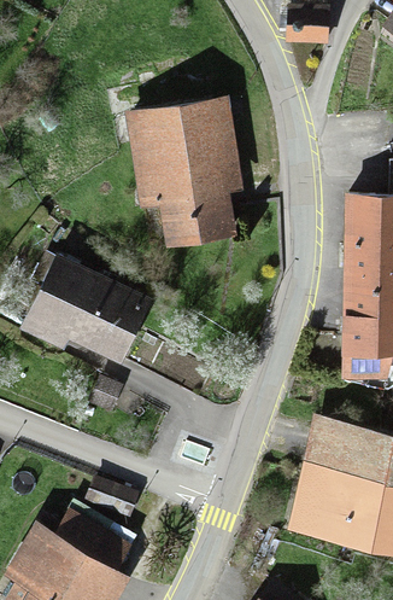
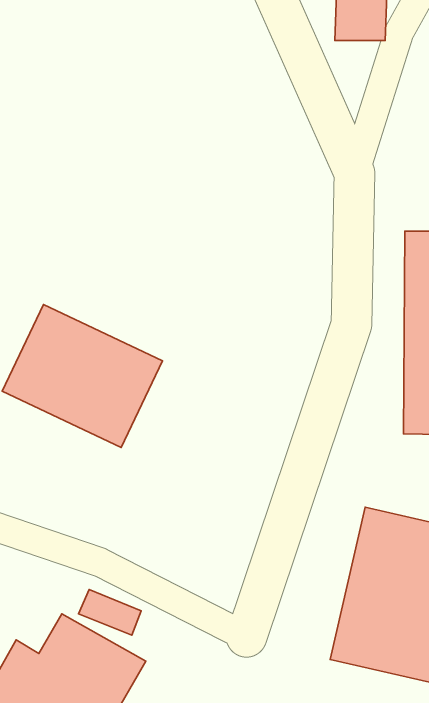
building: [125,97,242,244] -> none

